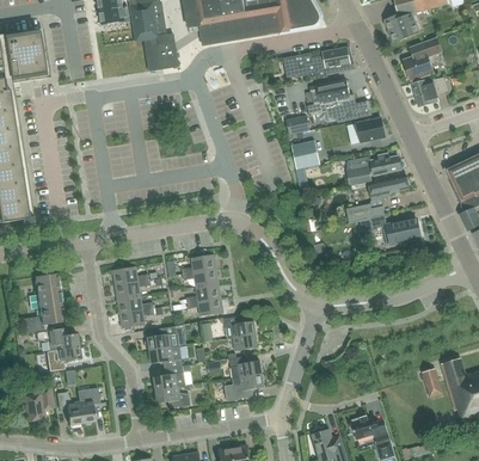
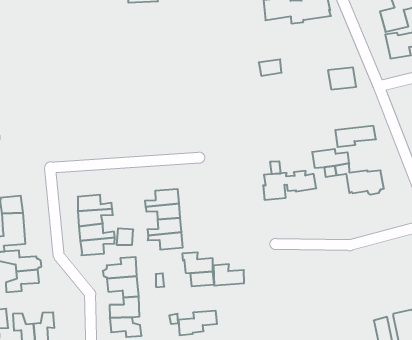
building: [307,78,371,121] -> none
building: [291,140,320,168] -> none
building: [348,152,401,184] -> [263,171,316,200]
building: [229,355,262,377] -> [213,264,244,286]

